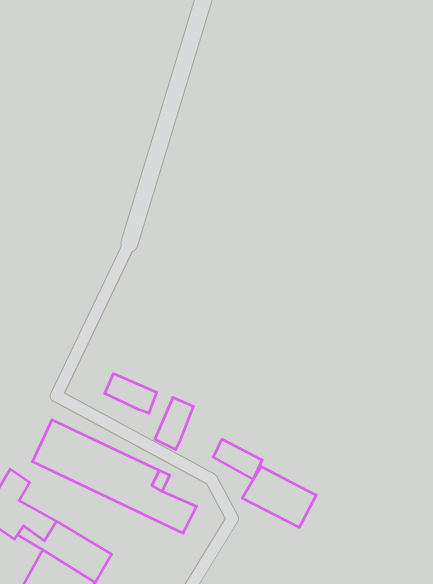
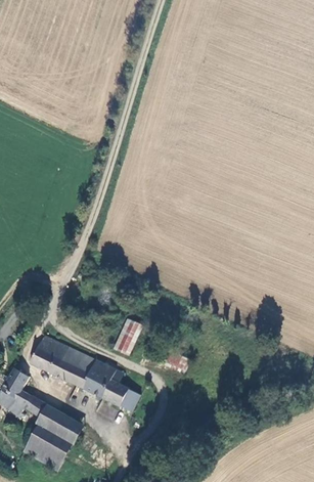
building: [105,374,156,413] -> none
building: [242,466,316,527] -> none

